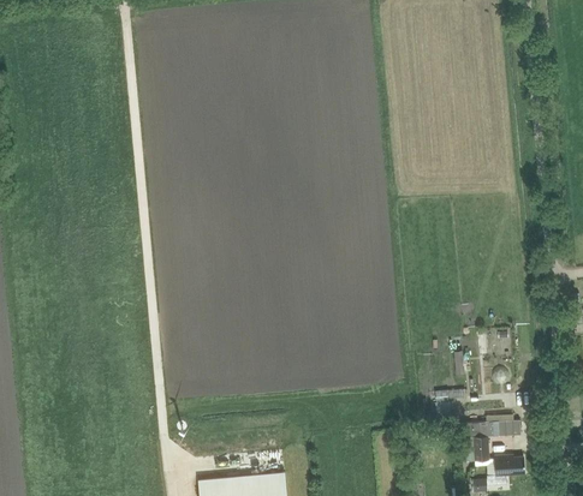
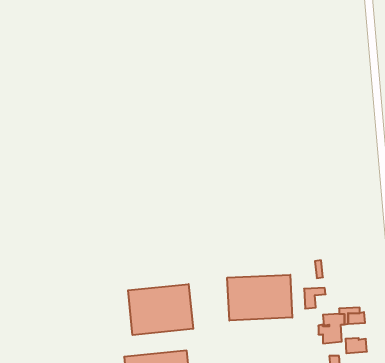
building: none -> [227,275,292,321]
building: none -> [128,284,193,335]

